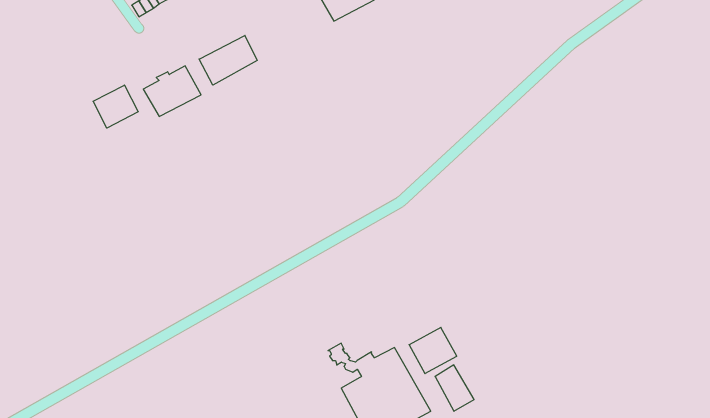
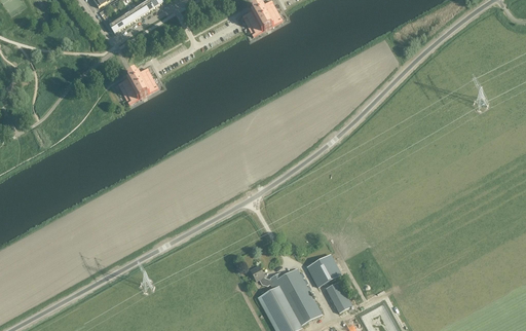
building: [199,35,257,85] -> none
building: [93,85,138,128] -> none

